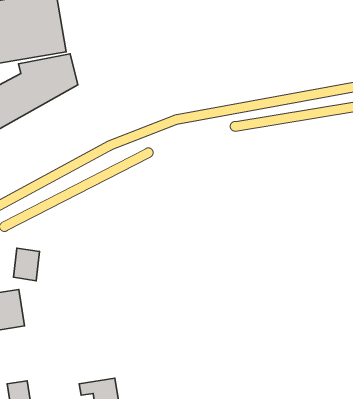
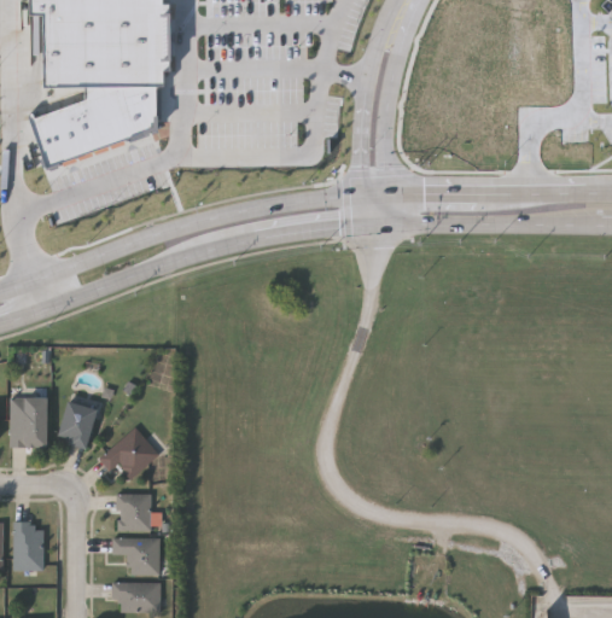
building: [13,248,40,281] -> [58,400,99,448]
building: none -> [99,426,158,477]
building: none -> [116,492,151,530]

